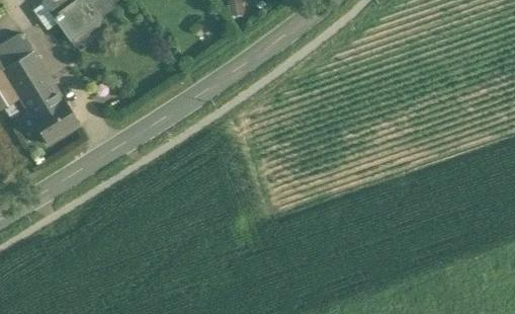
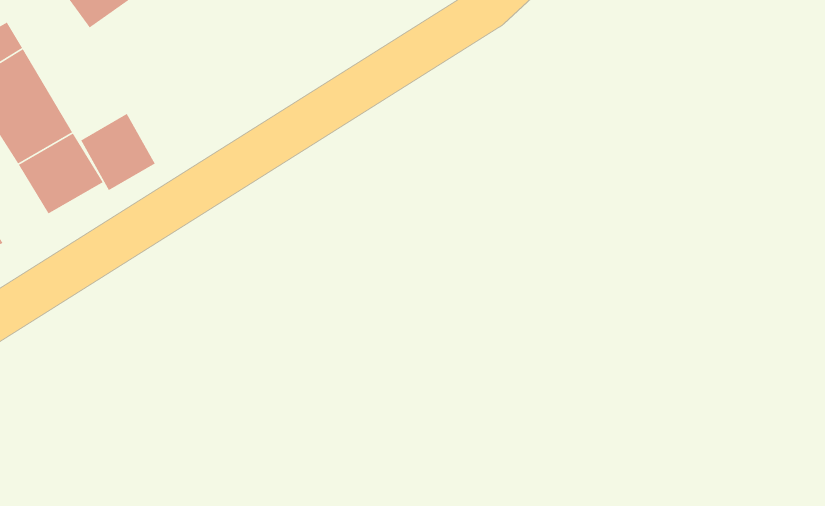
building: none -> [80,113,156,191]

